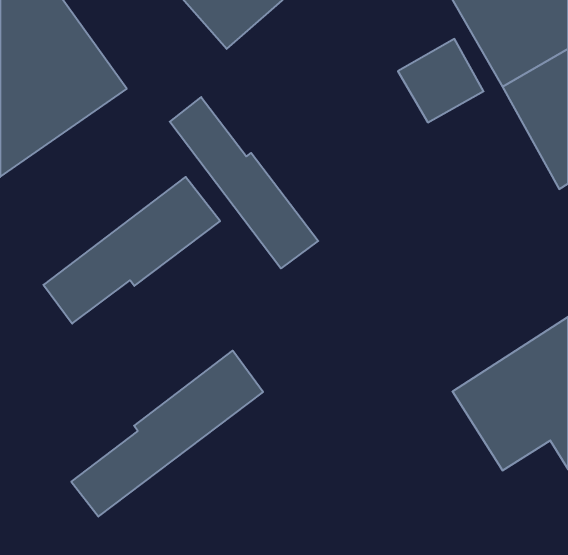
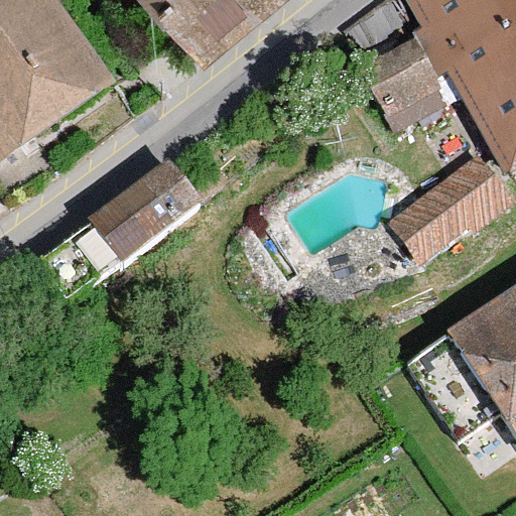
building: [170,97,318,268] -> none
building: none -> [395,153,510,250]
building: [71,351,263,517] -> none

